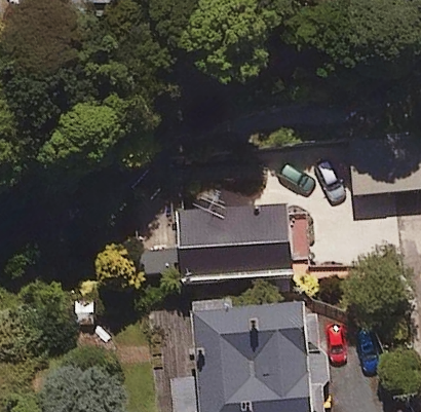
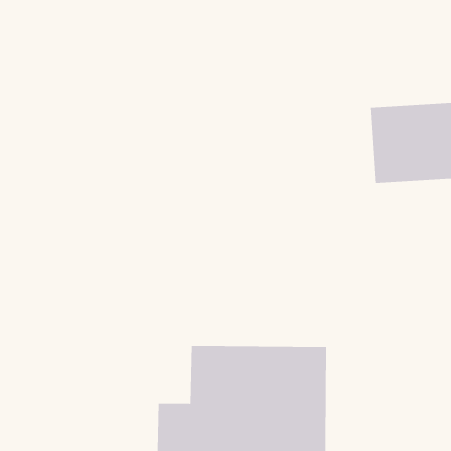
building: [128,215,293,278] -> none

